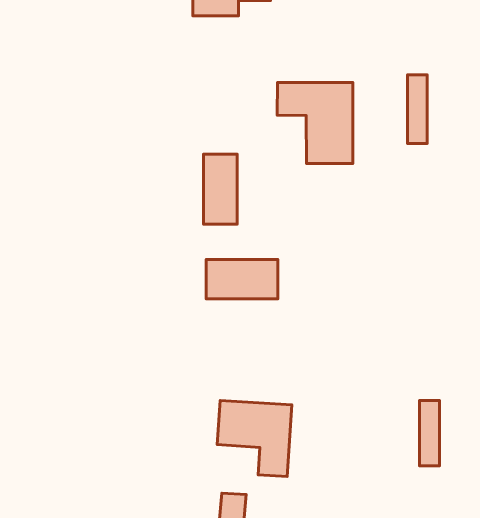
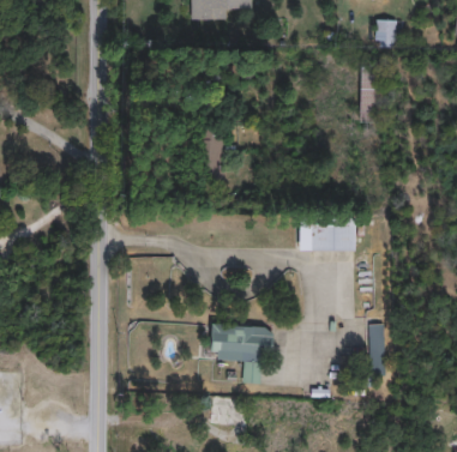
building: none -> [375,19,396,48]
building: [277,83,353,164] -> none
building: [206,259,278,299] -> [299,219,355,251]

